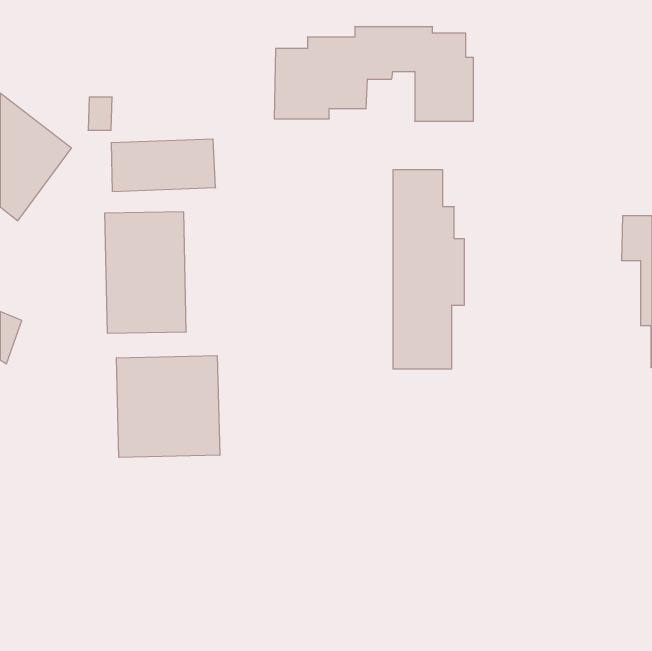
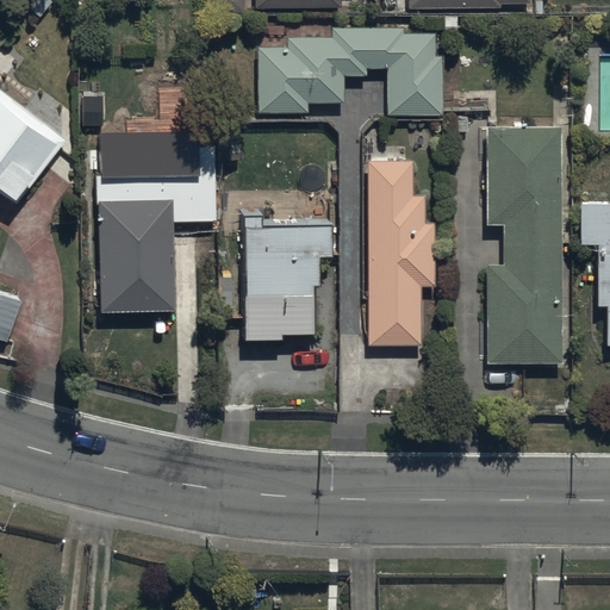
building: none -> [486,125,562,362]
building: none -> [243,213,331,340]
building: [116,356,220,457] -> none

